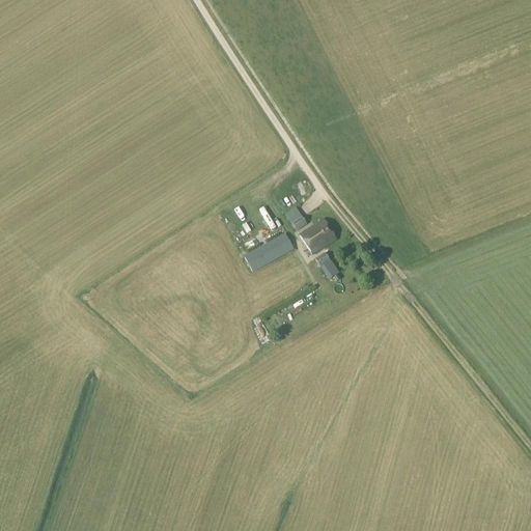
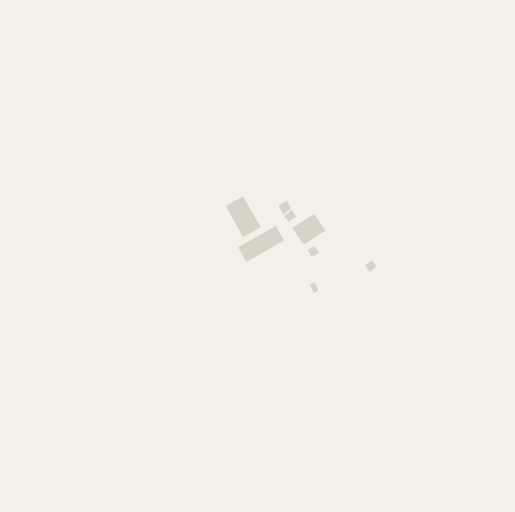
building: none -> [225,195,262,238]

